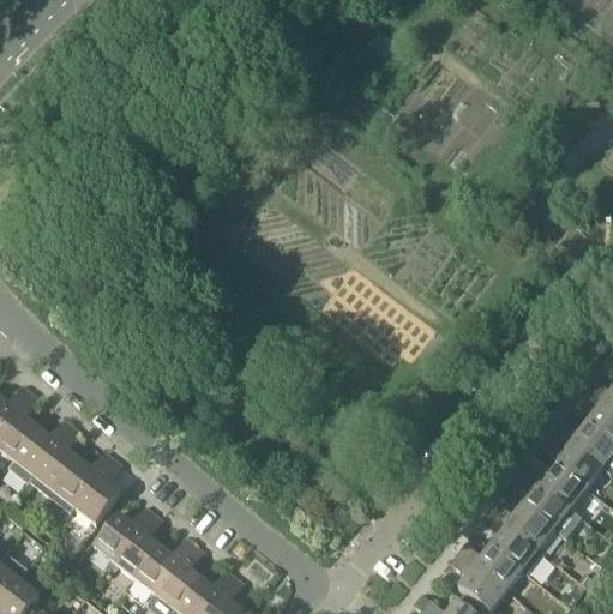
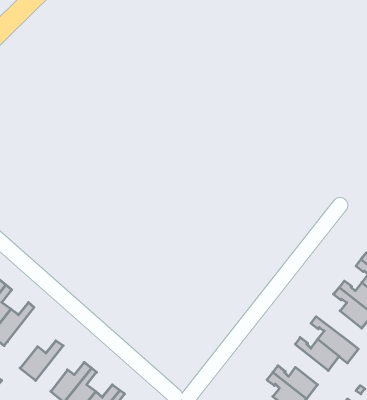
building: [74,457,121,523] -> none
building: [519,459,585,507] -> none
building: [481,510,545,573] -> none
building: [115,512,162,578] -> none

